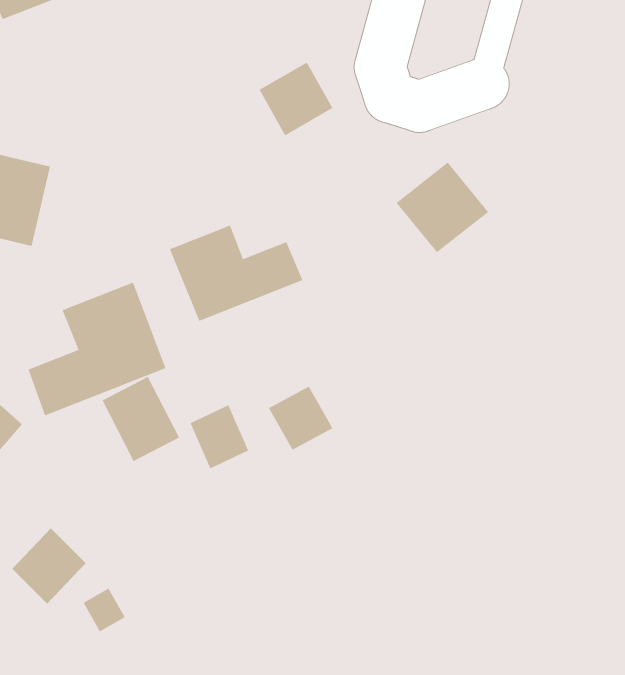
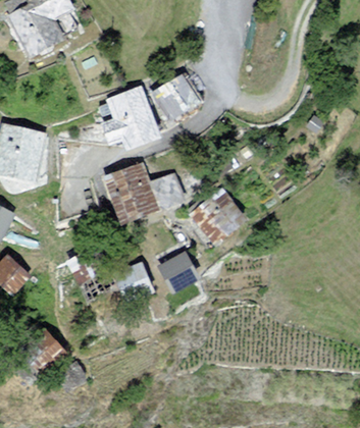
building: none -> [105,86,160,145]
building: [396,162,489,253] -> [194,190,245,239]
building: [27,282,166,417] -> none

